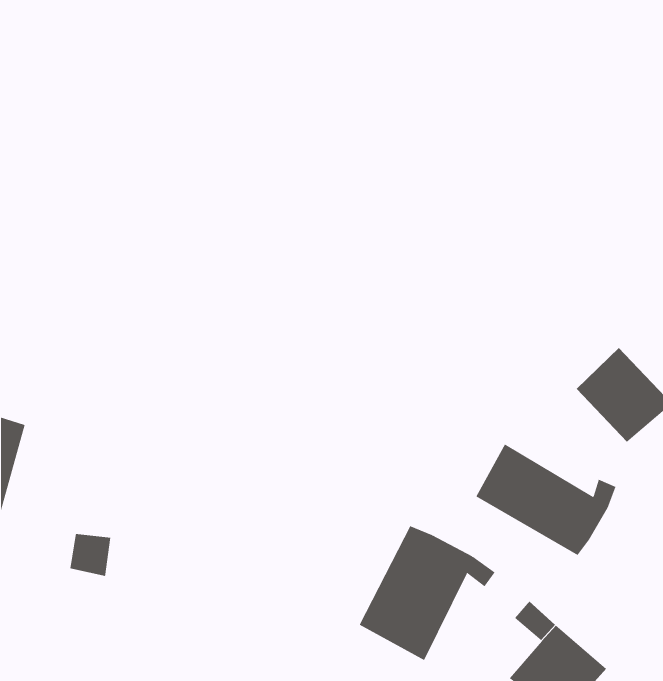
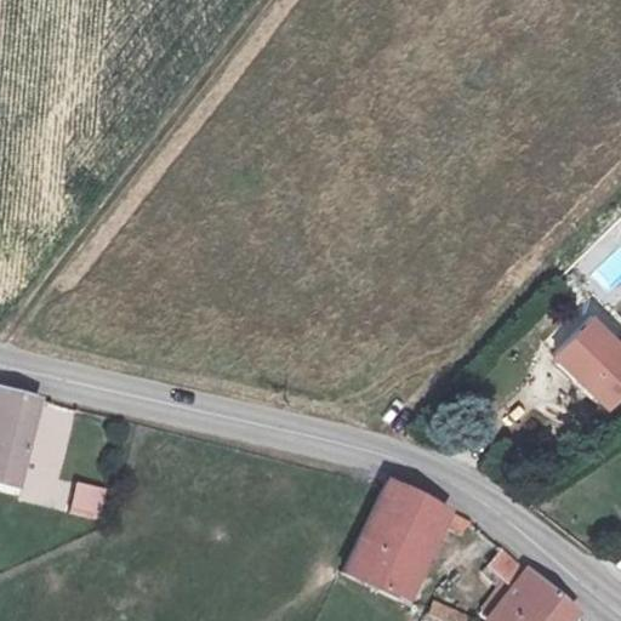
building: [476,443,616,556] -> none

